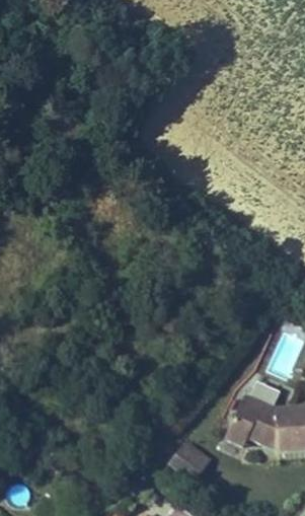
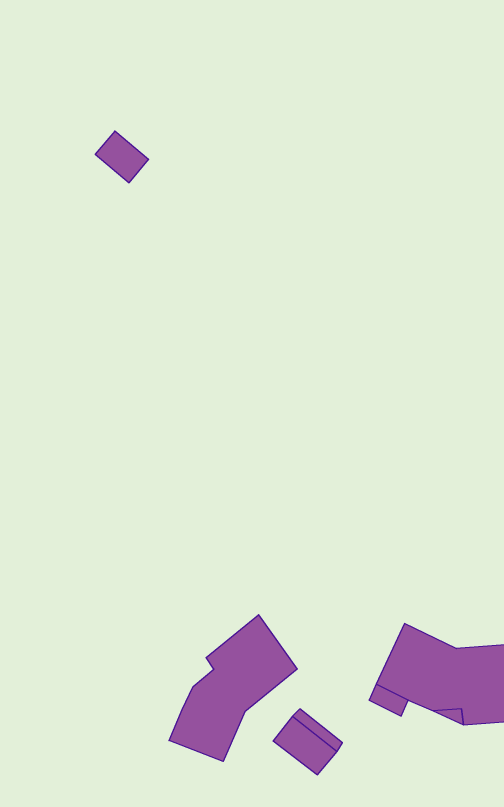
building: none -> [169,615,297,761]

